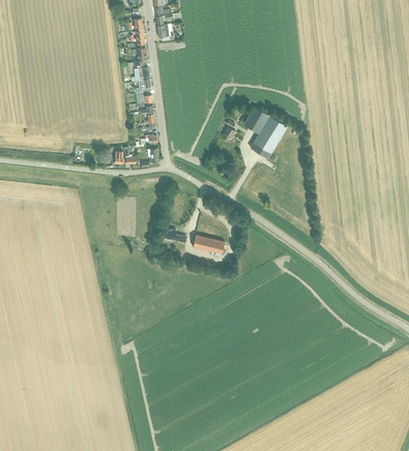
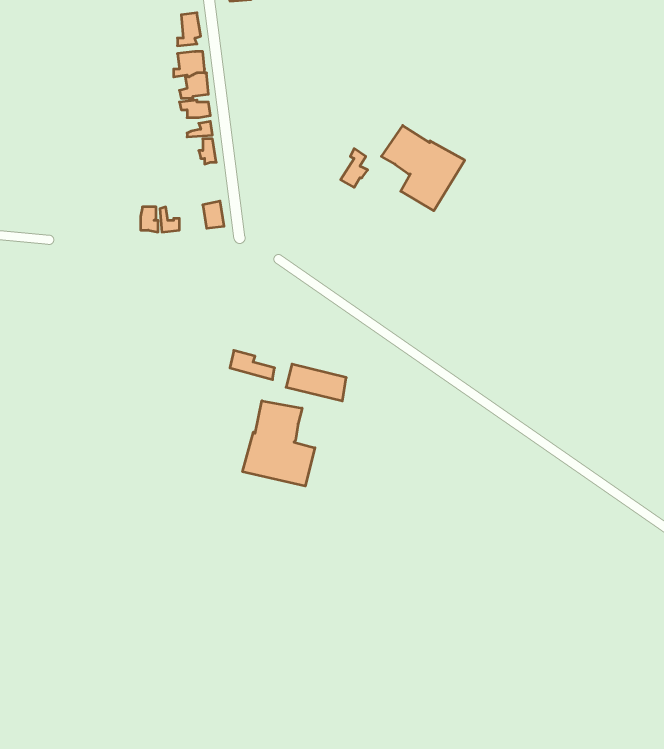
building: none -> [243,401,315,486]

